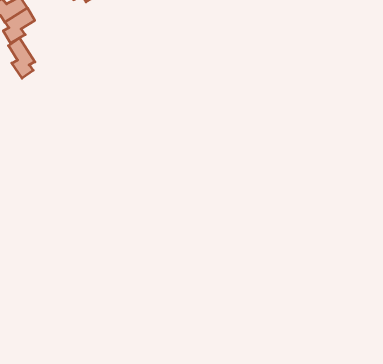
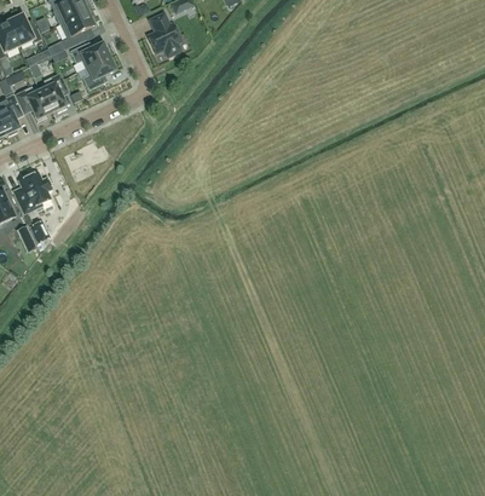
building: [8,38,35,78] -> none

